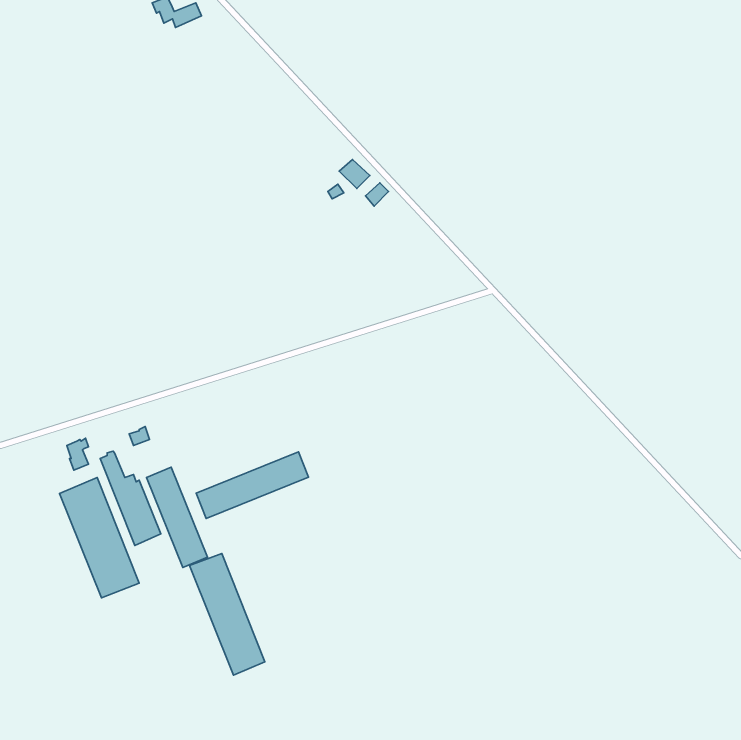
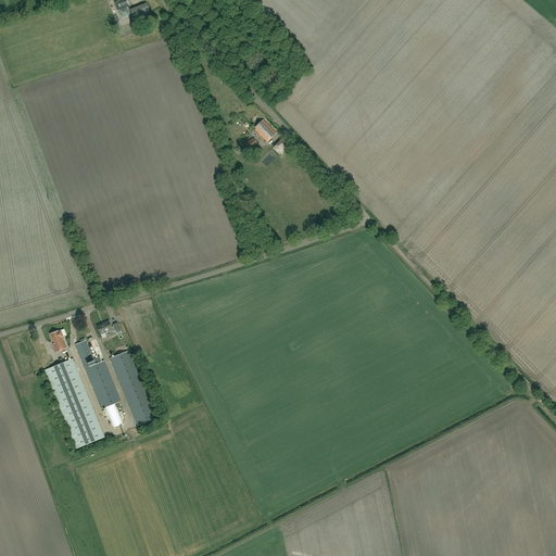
building: [196,452,309,518] -> none
building: [189,554,265,675] -> none

